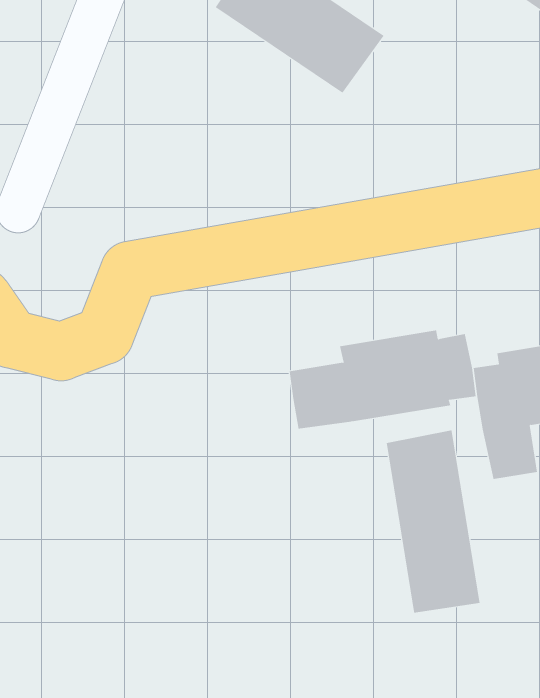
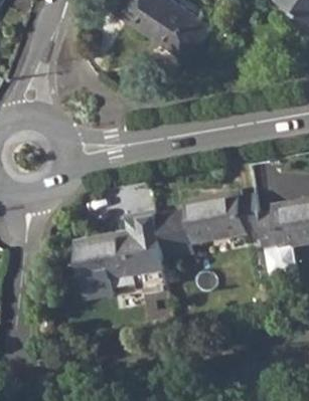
building: none -> [81,217,175,289]
building: [386,430,480,614] -> none

